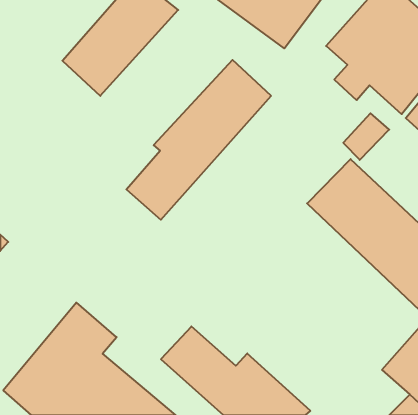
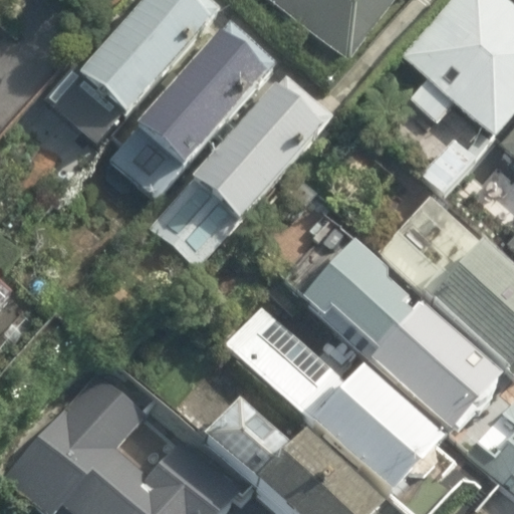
building: none -> [108,22,277,199]
building: none -> [301,239,500,430]
building: none -> [226,304,443,495]

